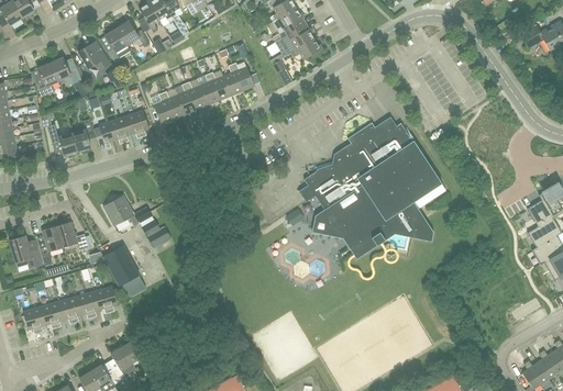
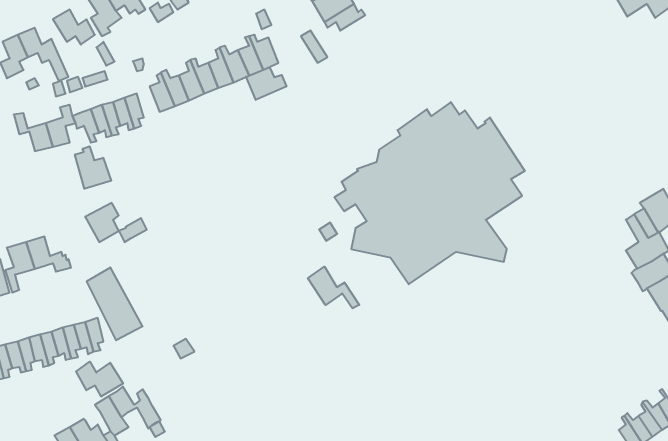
building: none -> [246,67,286,100]
building: none -> [75,146,111,189]
building: [141,217,170,246] -> none
building: none -> [308,267,359,308]
building: none -> [76,362,123,397]

